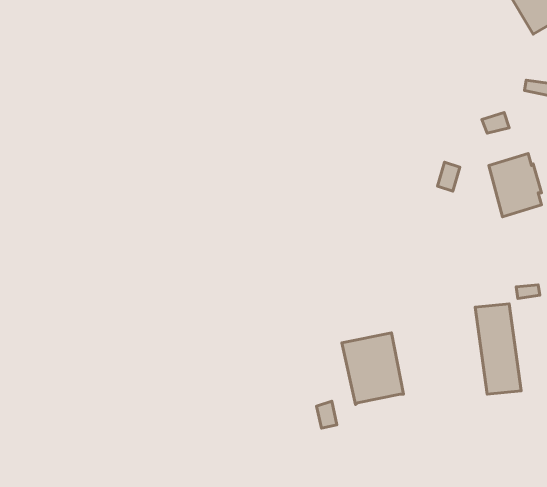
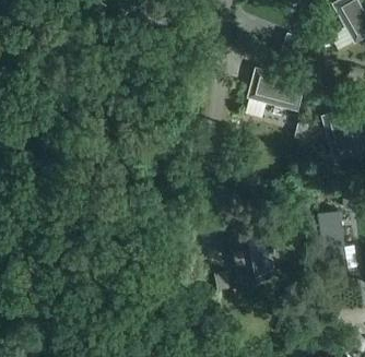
building: none -> [247,69,305,112]

